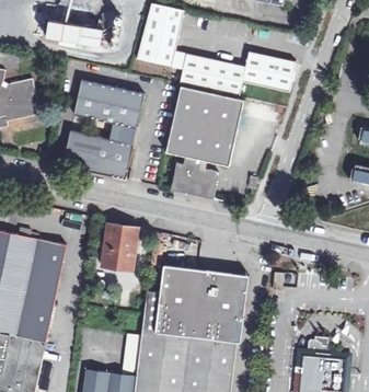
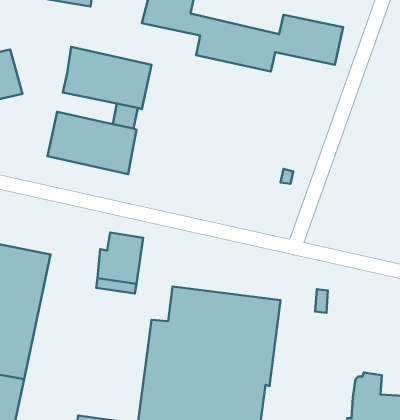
building: [165,85,244,196] -> none

